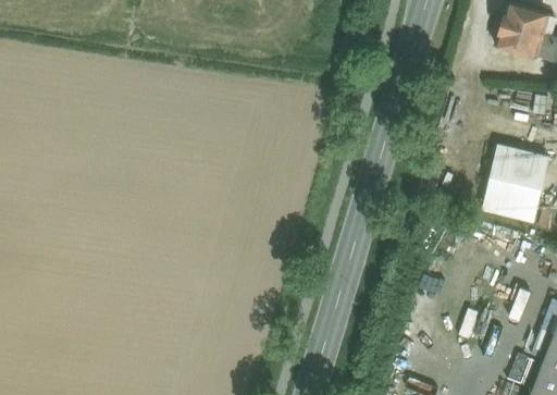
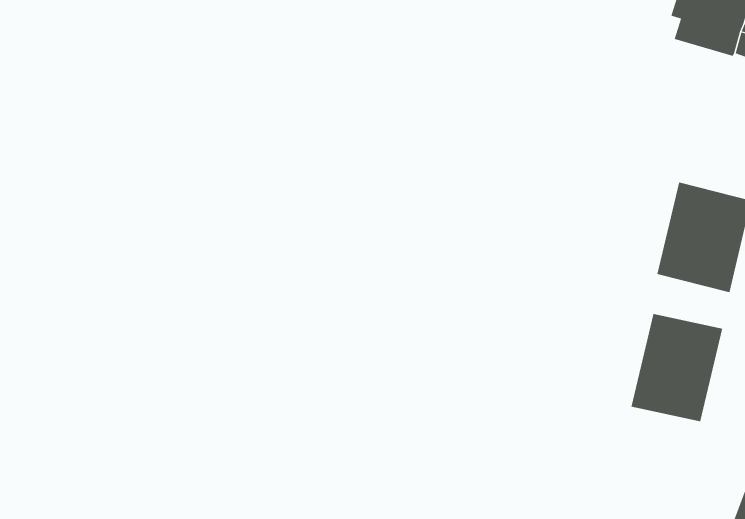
building: none -> [631,313,723,422]

